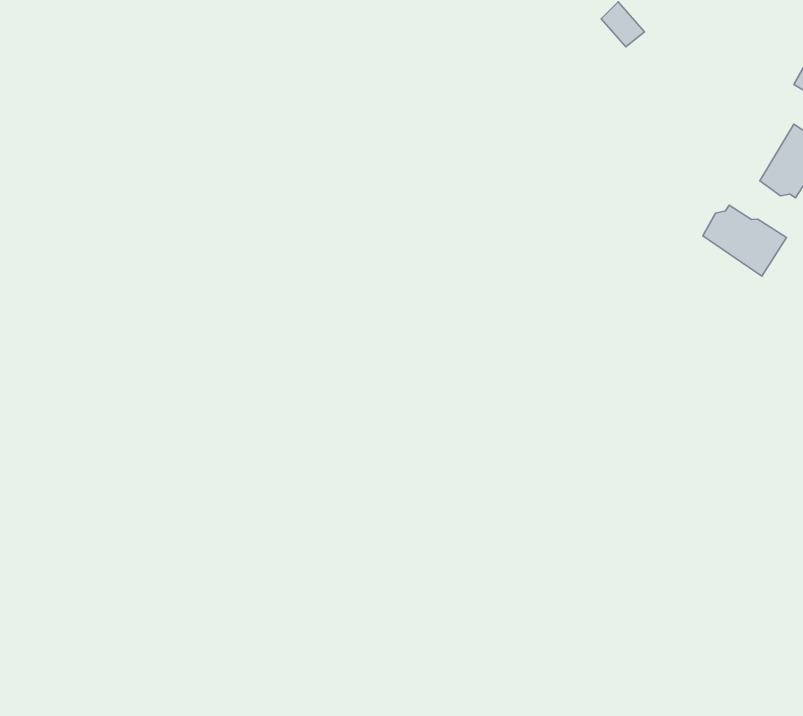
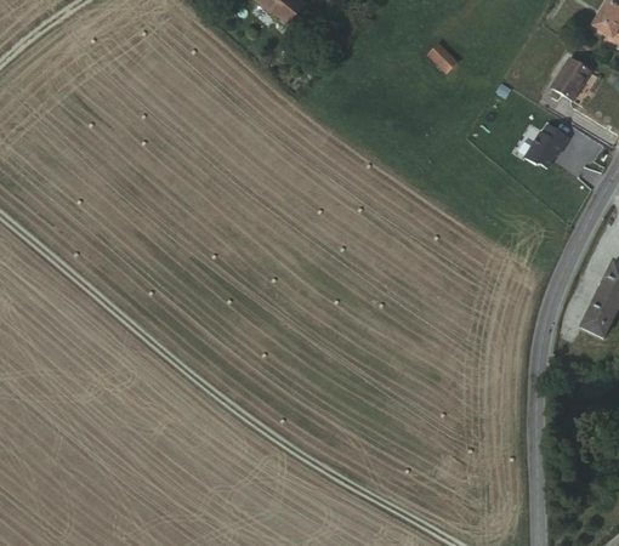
building: [703,205,787,276] -> none

